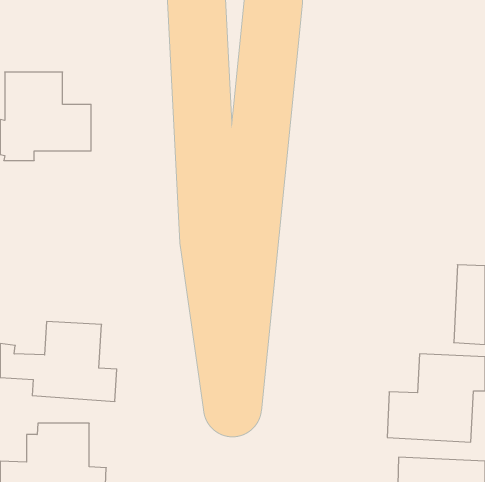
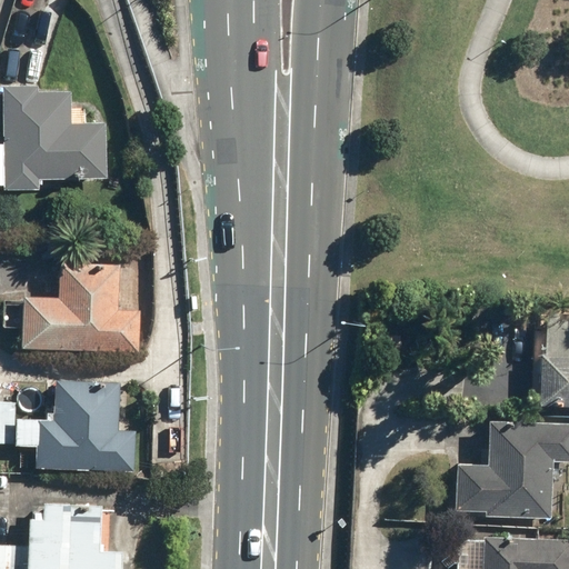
building: none -> [23,262,140,357]

